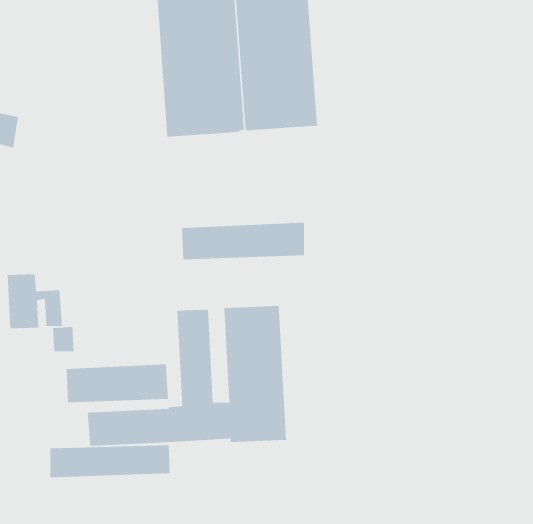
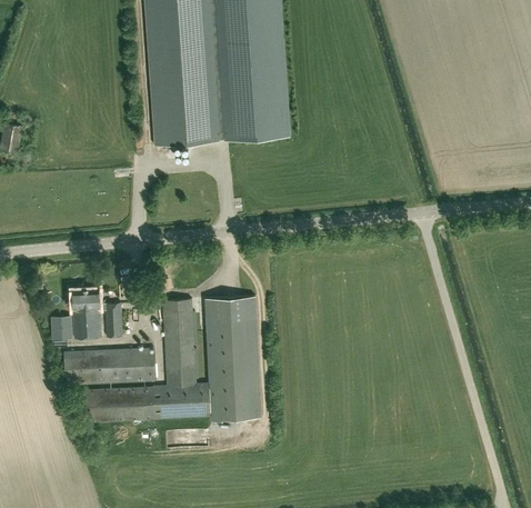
building: [181,222,305,260] -> none
building: [7,273,63,329] -> [73,288,123,338]
building: [49,445,170,478] -> none

